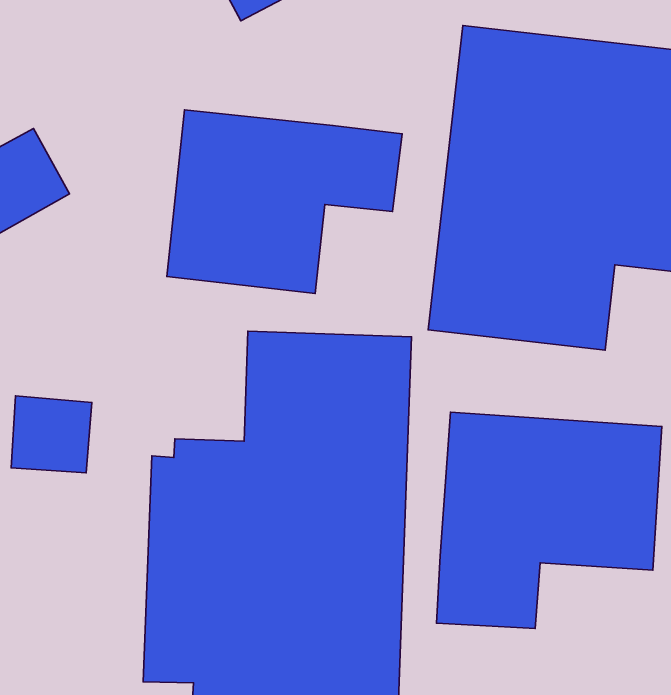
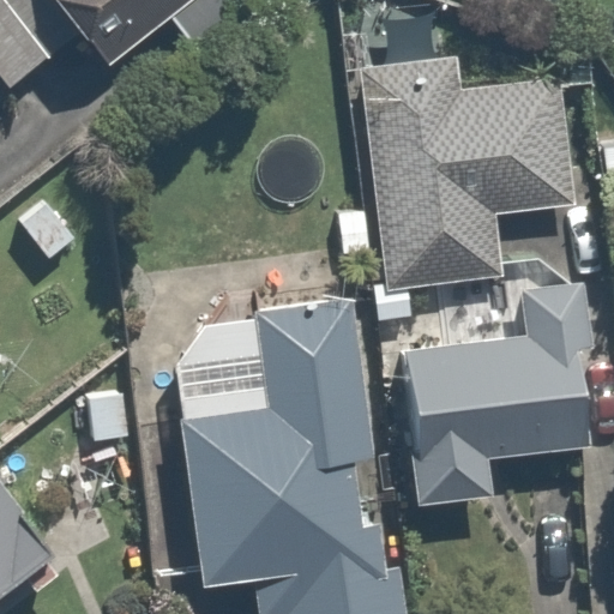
building: [167,110,402,293] -> none

